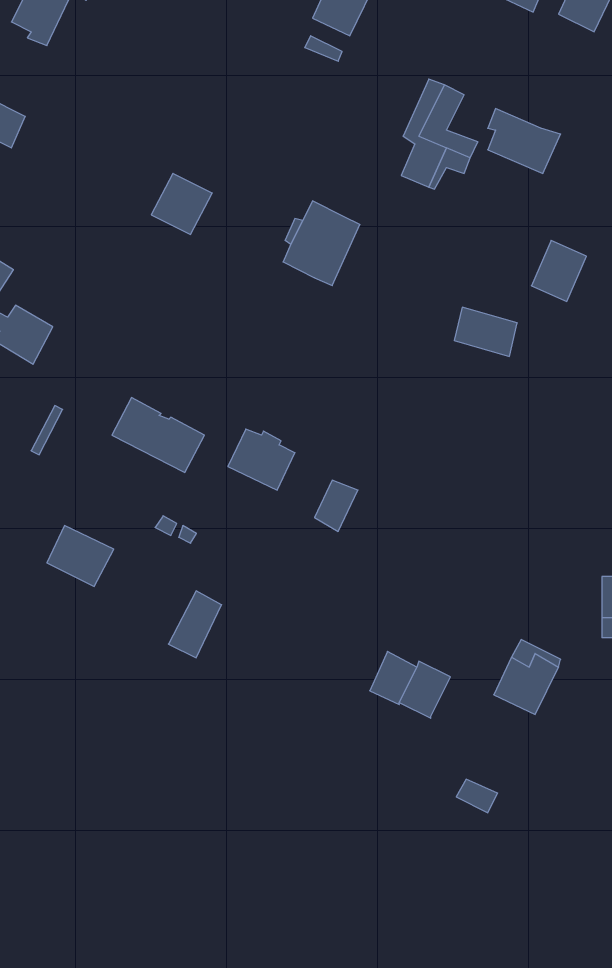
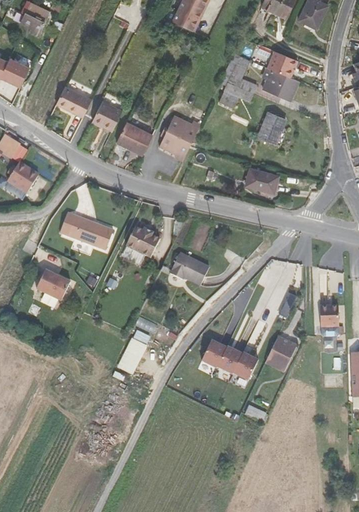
building: none -> [266,49,297,76]
building: none -> [57,86,90,116]
building: none -> [115,120,151,154]
building: [531,240,586,301] -> [257,111,285,142]
building: none -> [186,260,213,286]
building: [168,591,222,658] -> [118,338,145,372]
building: none -> [233,354,258,382]

